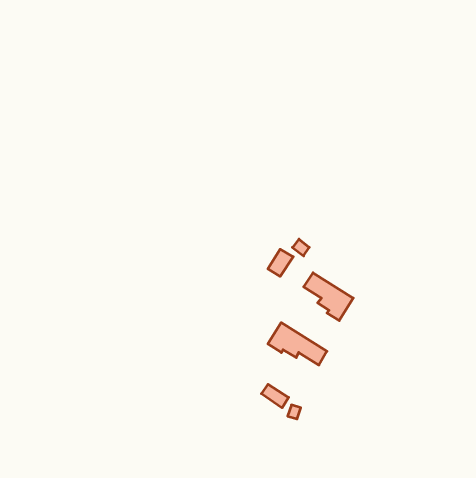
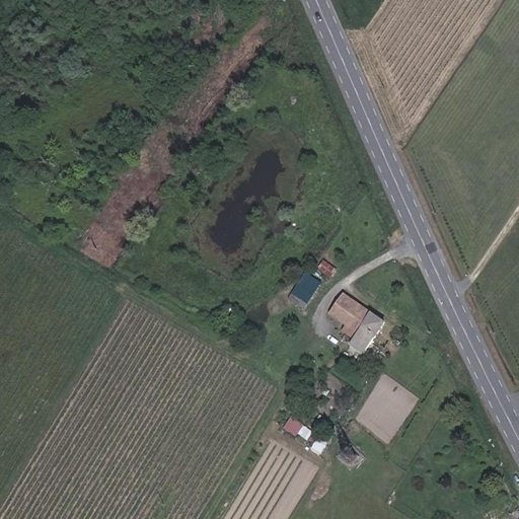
building: [268,323,327,365] -> none

